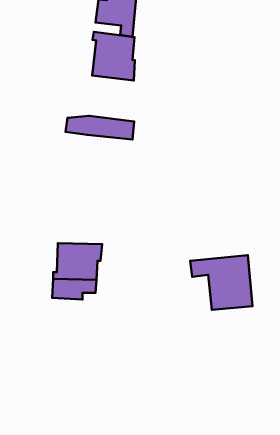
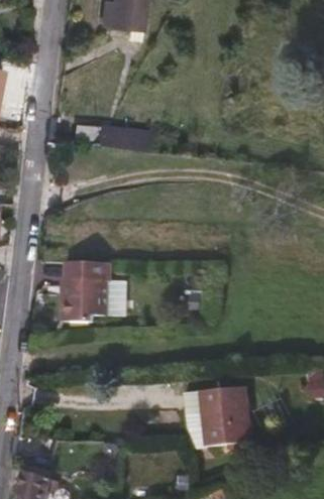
building: [92,32,135,81] -> none
building: [190,255,252,310] -> [186,388,252,447]

